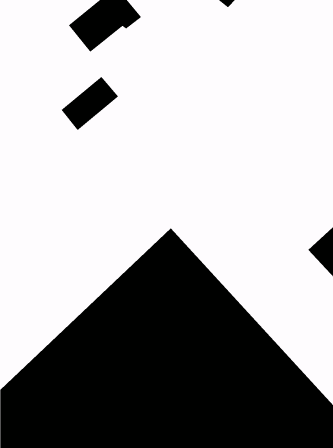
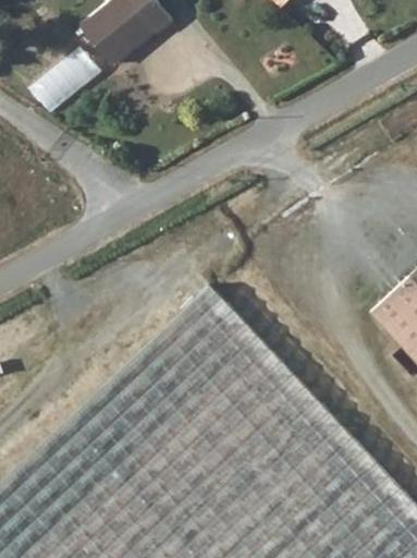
building: [60,76,119,131] -> [35,47,107,114]

